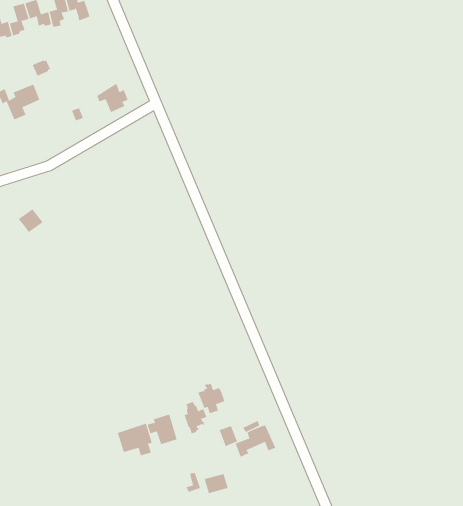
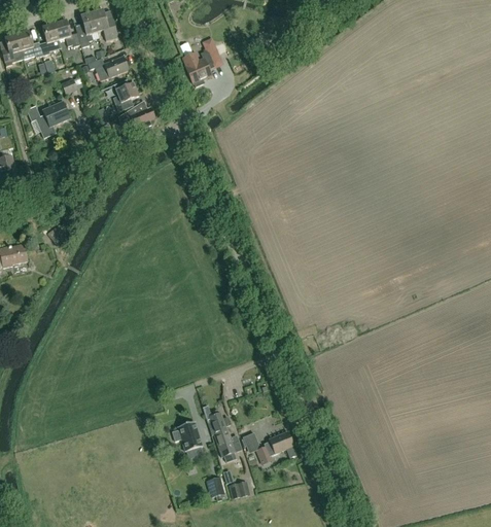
building: none -> [182,43,224,86]
building: none -> [87,56,129,80]
building: none -> [96,78,139,111]
building: [198,383,225,414] -> [215,431,242,461]
building: [117,423,152,456] -> none

